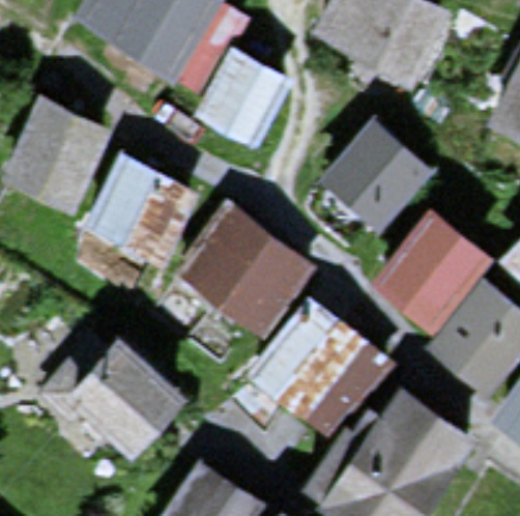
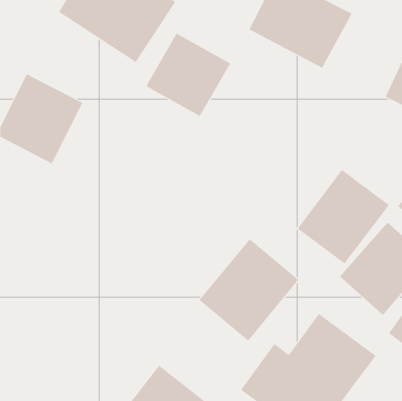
building: [318,122,433,237] -> none
building: [81,151,200,268] -> none
building: [181,206,318,342] -> none
building: [60,337,190,464] -> none

